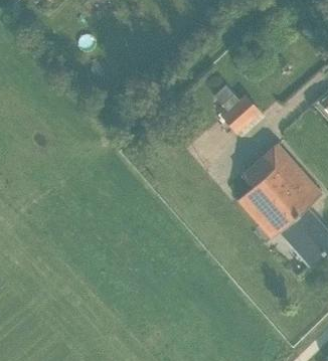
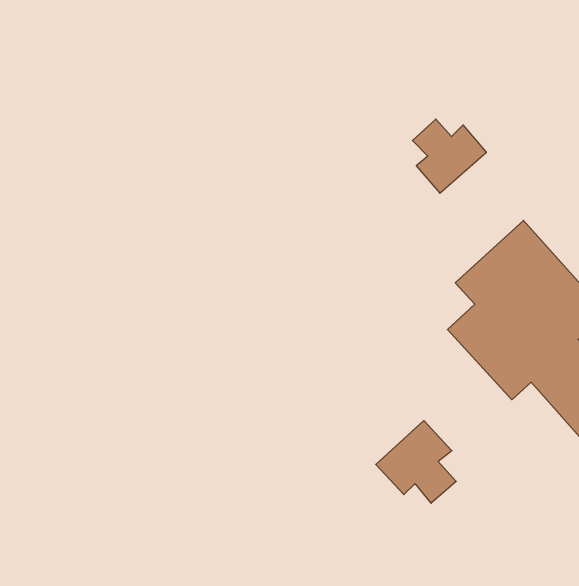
building: none -> [376,421,456,503]

